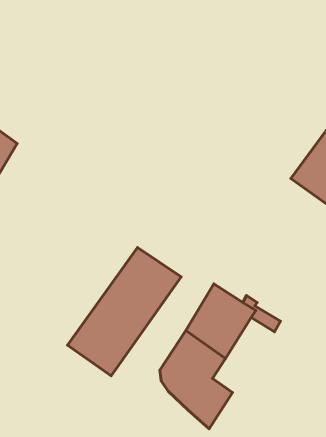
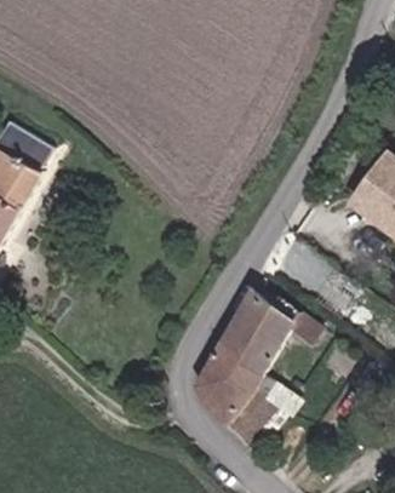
building: [68,247,181,376] -> none

